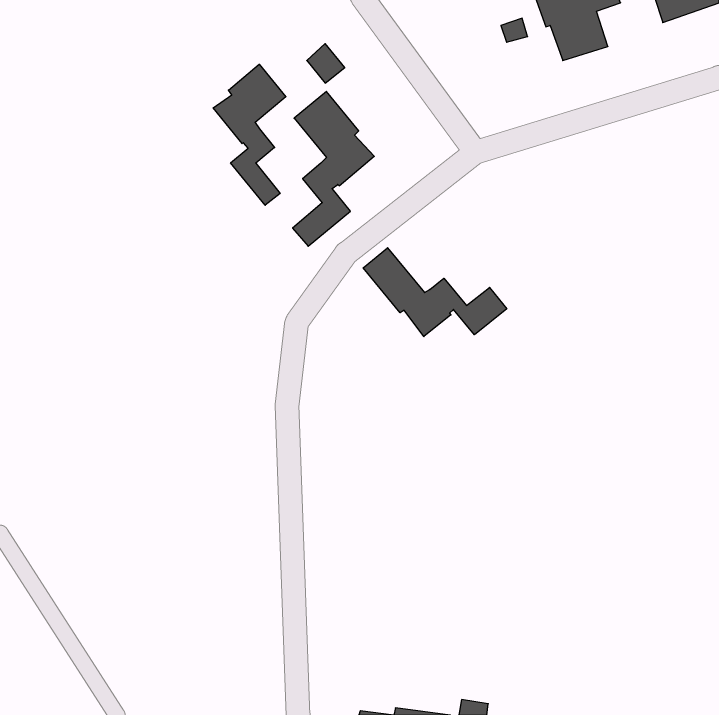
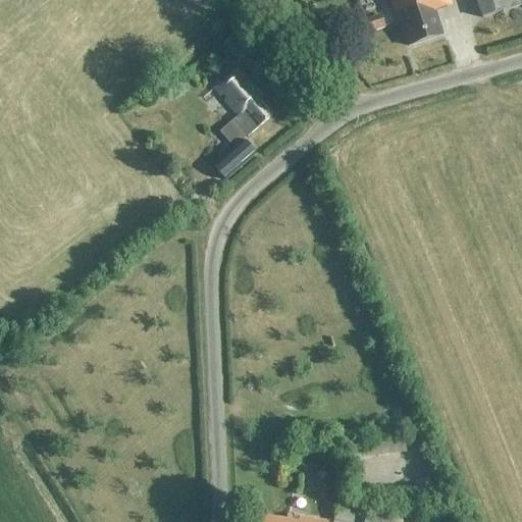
building: [213,64,286,205] -> none
building: [363,248,507,337] -> none

